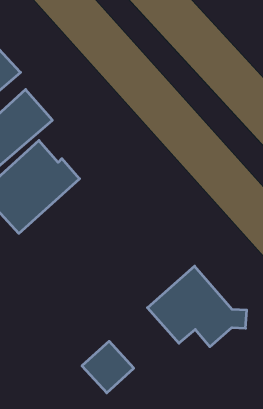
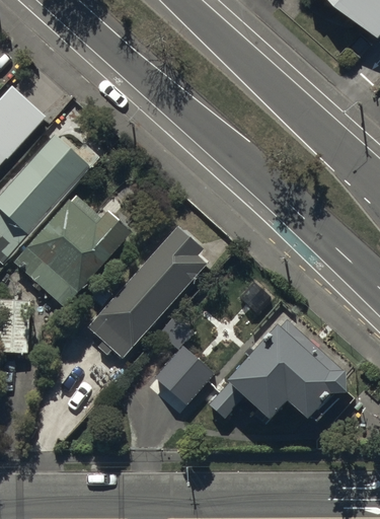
building: none -> [87,229,206,359]
building: [82,341,134,393] -> [151,341,212,401]

